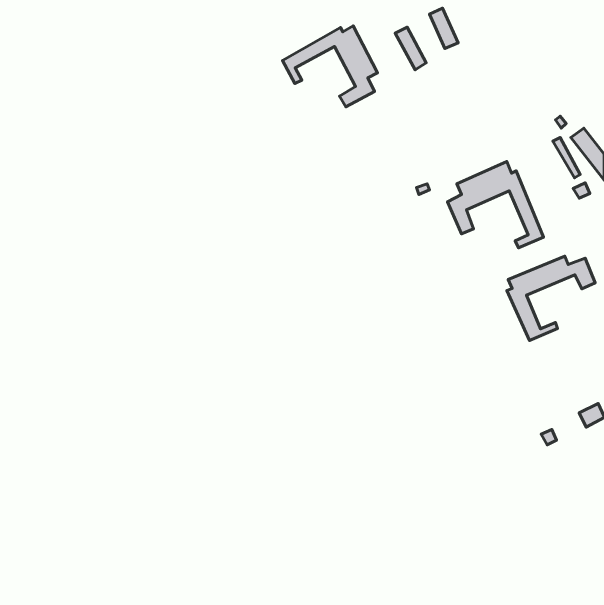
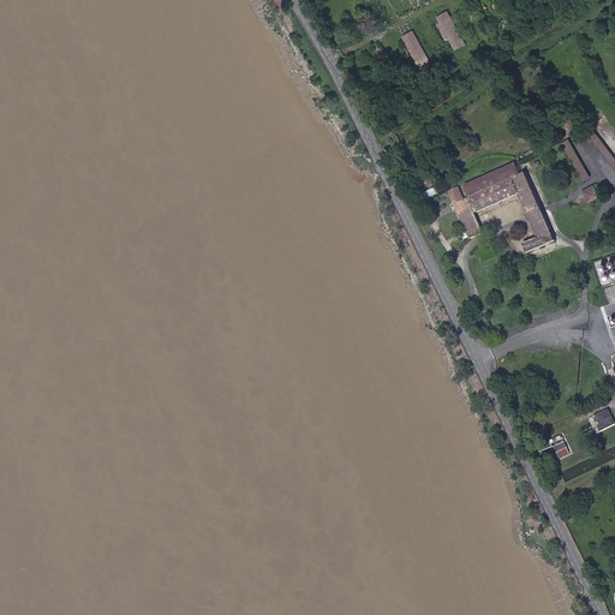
building: [282,26,378,107] -> none
building: [507,256,595,340] -> none

